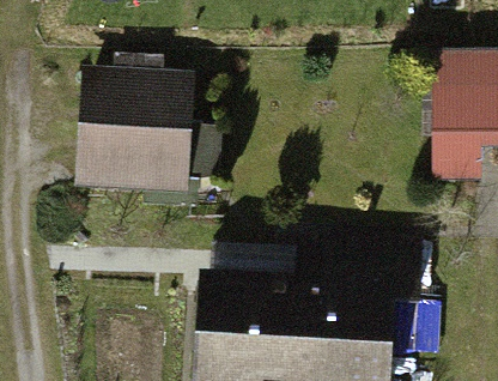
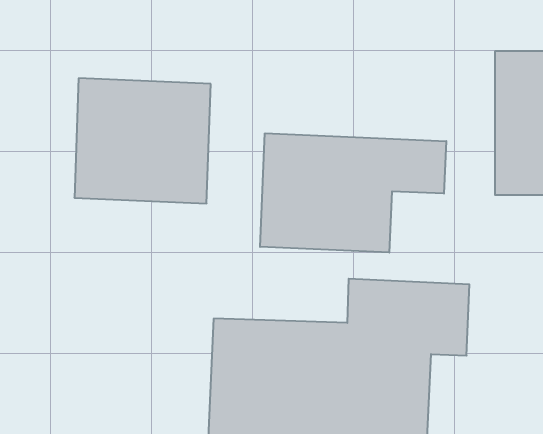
building: none -> [260,133,446,253]

